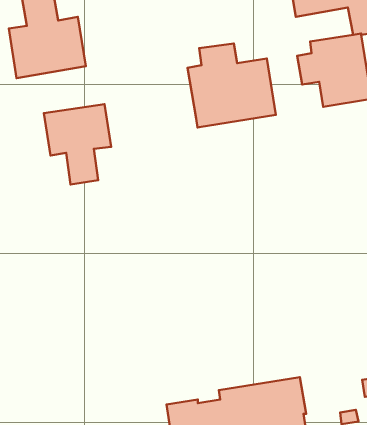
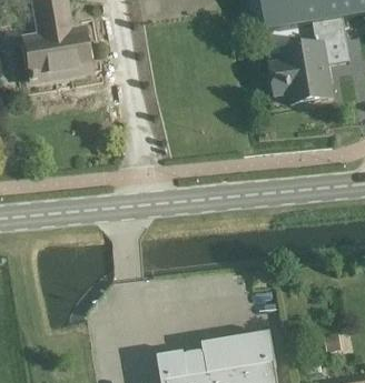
building: [188,43,276,128] -> none
building: [44,104,111,184] -> none

